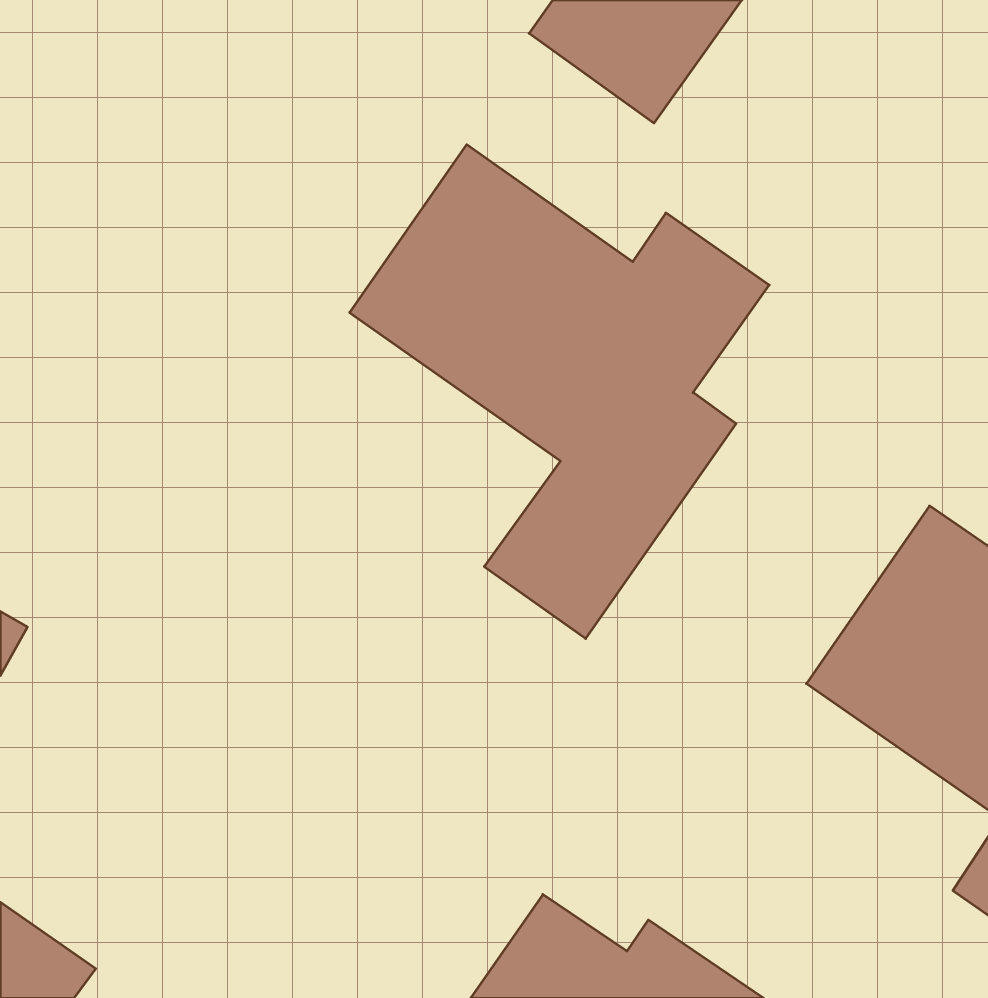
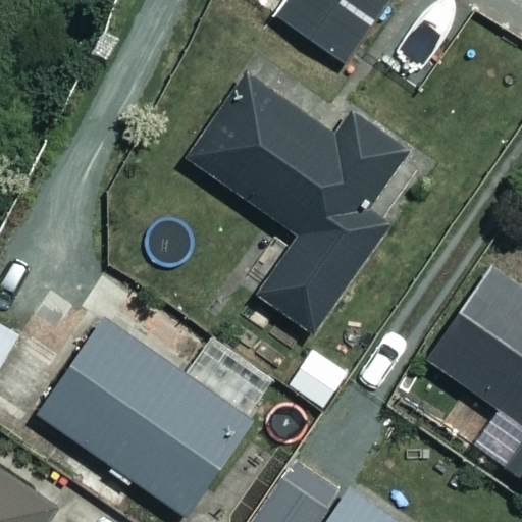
building: none -> [37,317,251,515]

